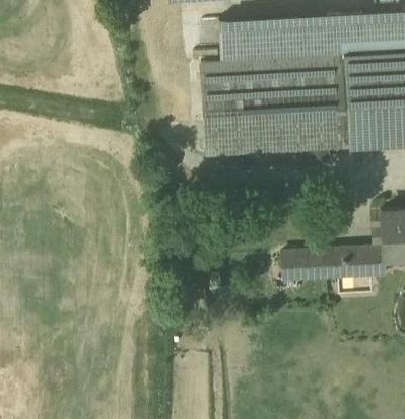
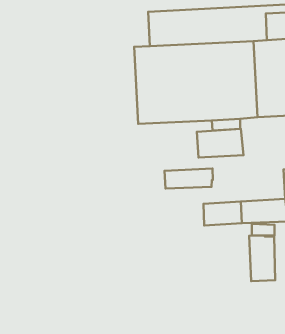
building: none -> [197,129,244,158]
building: none -> [165,168,213,188]
building: none -> [249,236,275,281]

